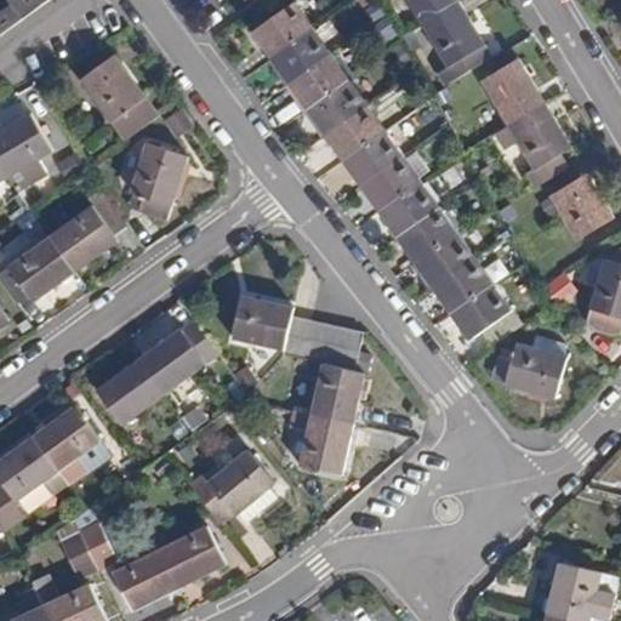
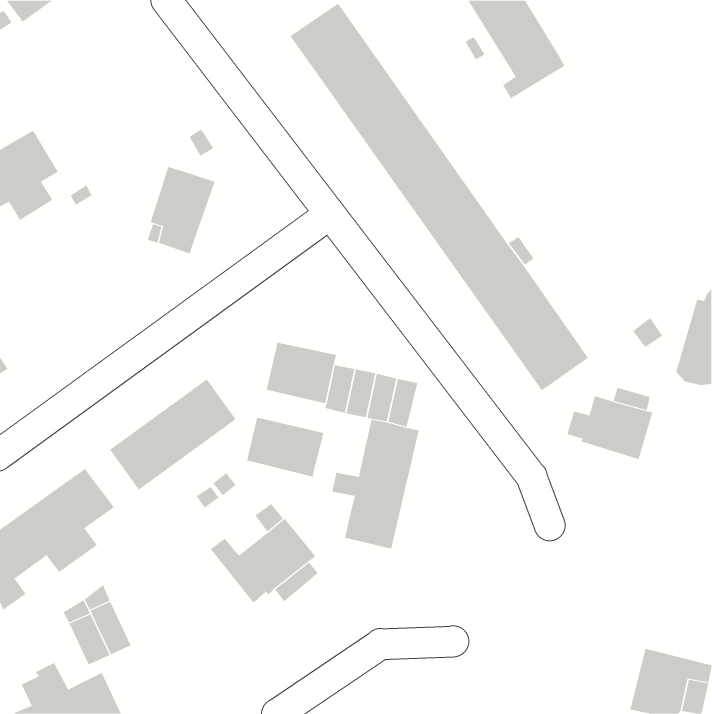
building: [79,56,156,142] -> none
building: [479,58,571,187] -> none
building: [549,173,613,240] -> none
building: [6,190,125,302] -> none
building: none -> [246,417,324,478]
building: [113,526,226,611] -> none

